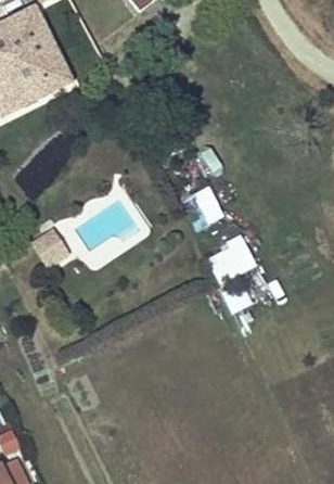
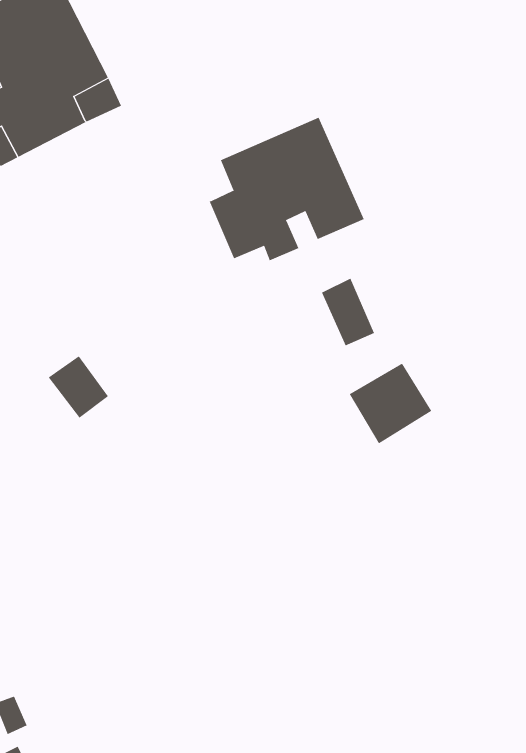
building: none -> [209,117,365,261]

